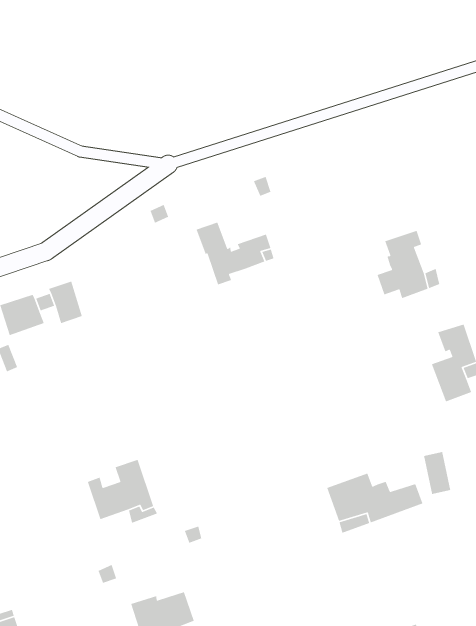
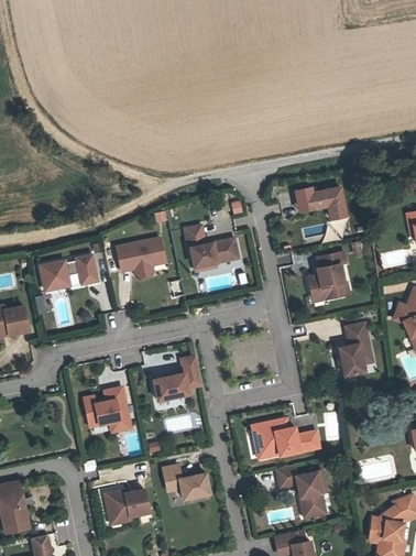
building: none -> [296,187,347,218]
building: none -> [117,239,165,277]
building: none -> [153,356,201,400]
building: none -> [276,465,326,515]
building: none -> [162,464,210,499]

